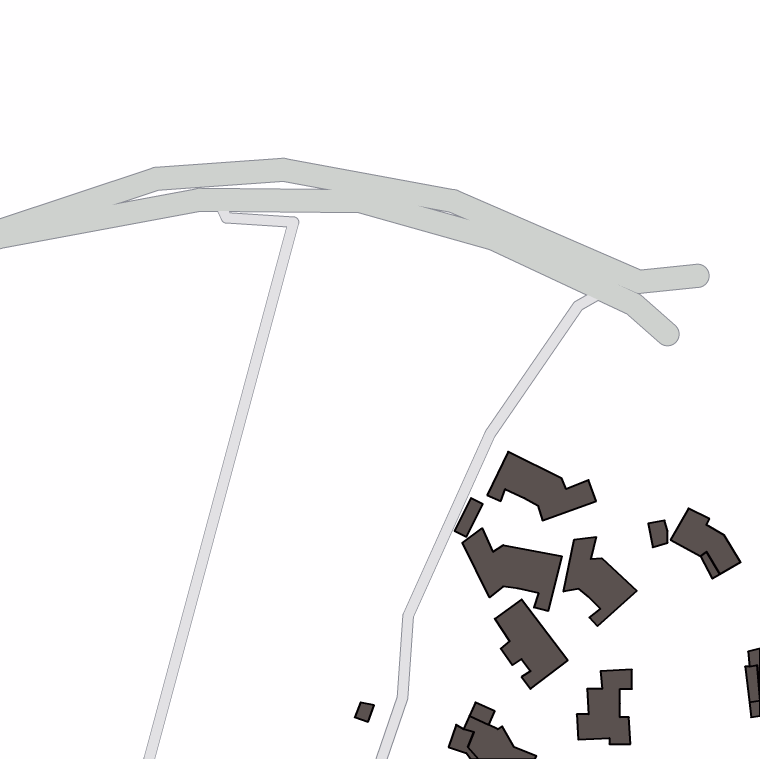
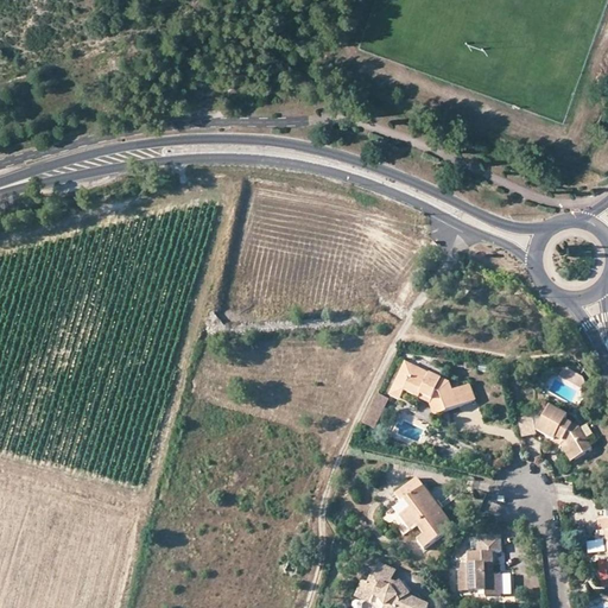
building: [462,528,562,611] -> none
building: [564,537,637,626] -> none

